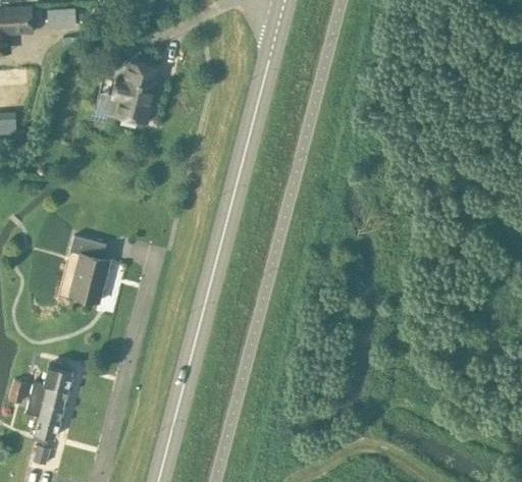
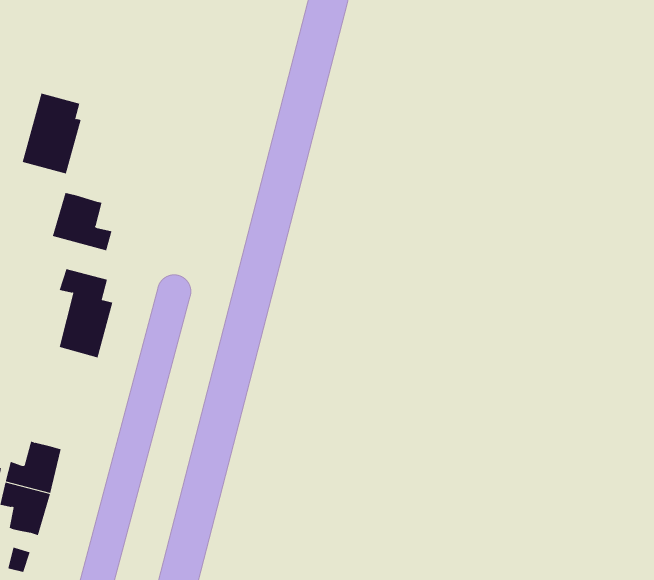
building: [112,62,157,123] -> [22,93,82,174]
building: none -> [52,192,112,251]

